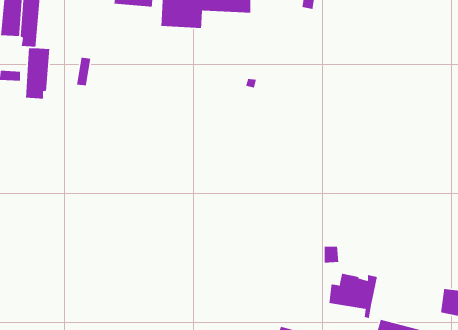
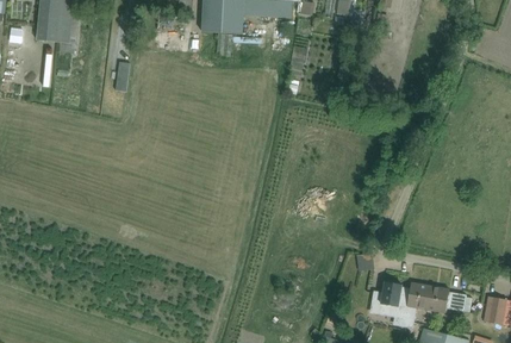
building: [25,47,50,100] -> none
building: none -> [415,283,465,311]

